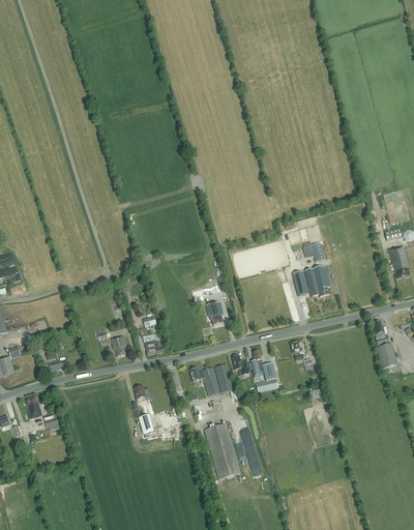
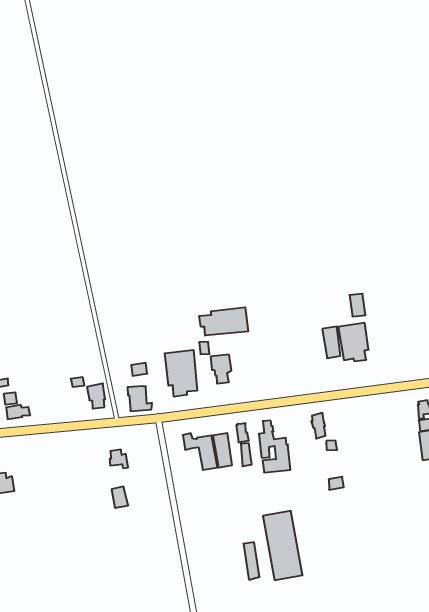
building: none -> [199,307,248,336]
building: none -> [165,350,197,397]
building: [204,422,240,478] -> [263,511,303,580]

